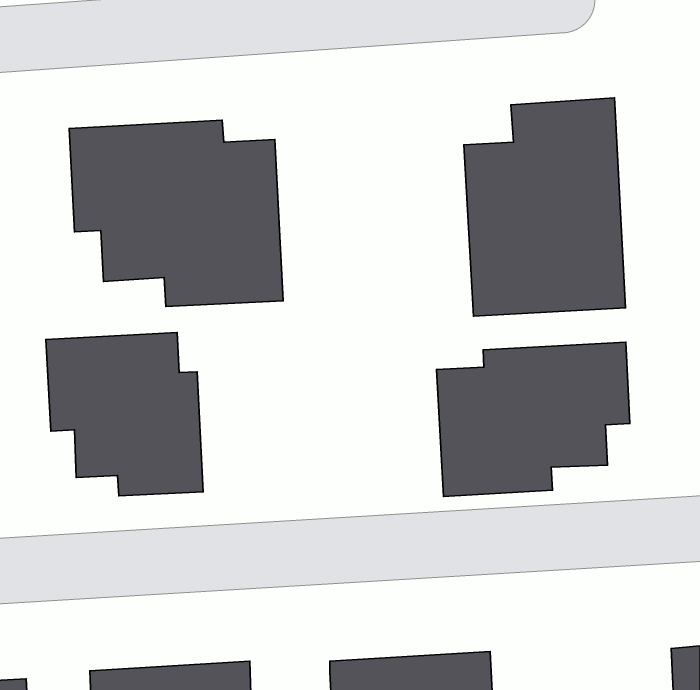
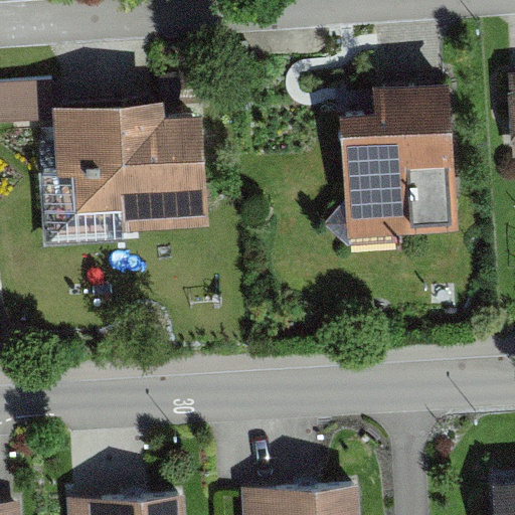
building: [46,333,203,496] -> none
building: [436,342,630,496] -> none

